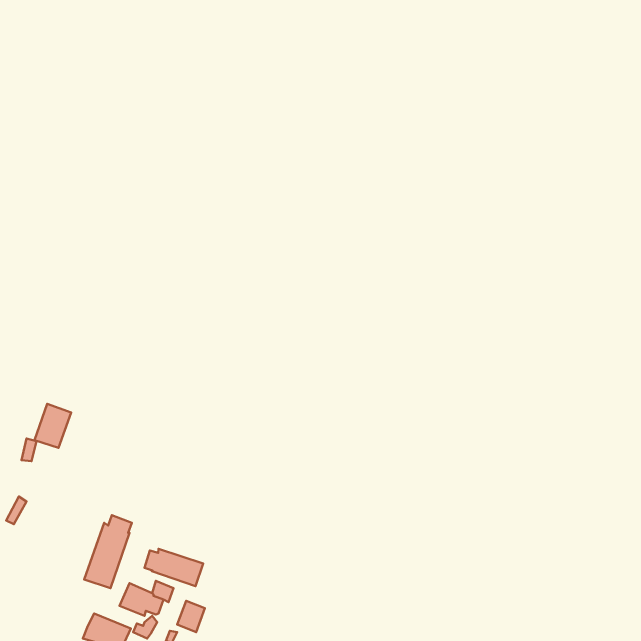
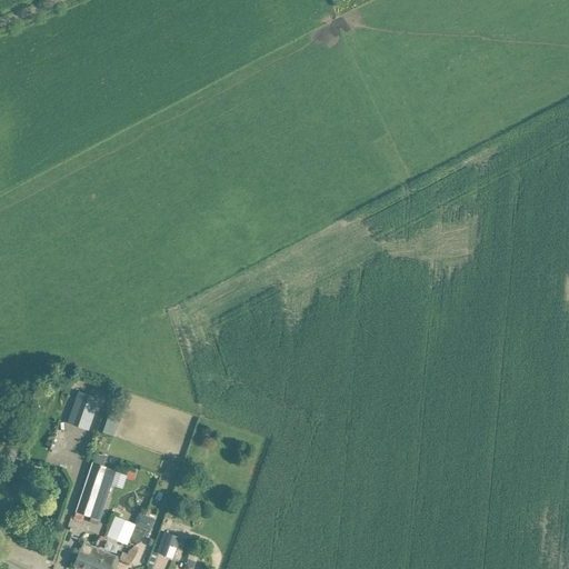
building: [35,404,71,448] -> [68,392,100,431]
building: [145,549,203,586] -> none

